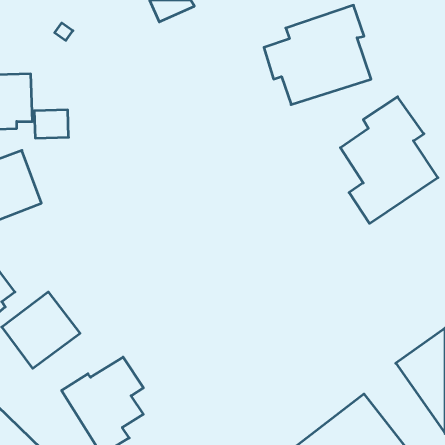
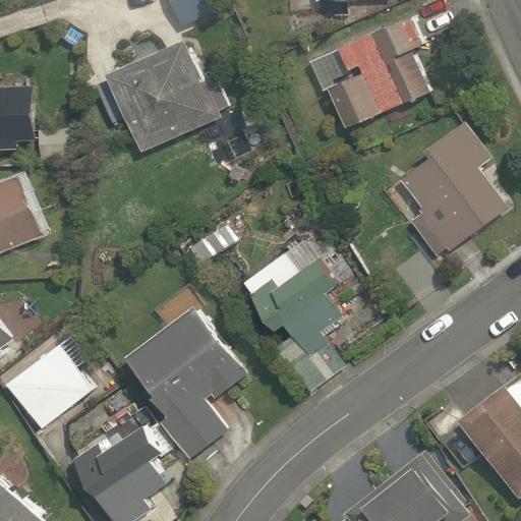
building: none -> [97,45,231,157]
building: none -> [242,227,353,396]
building: none -> [123,303,244,461]

